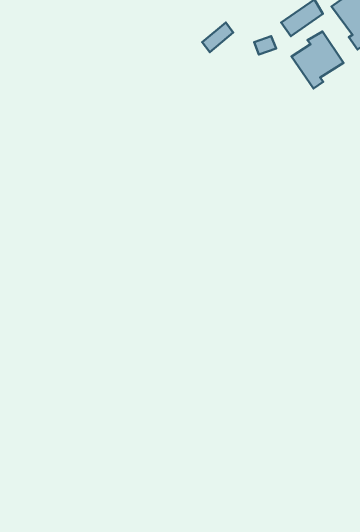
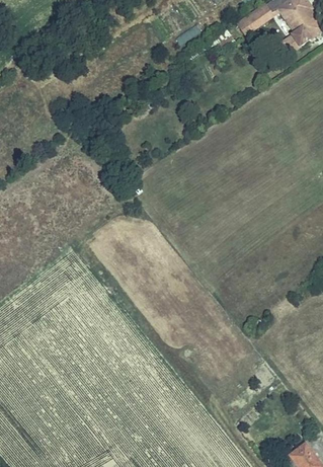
building: [291,32,343,88] -> none

